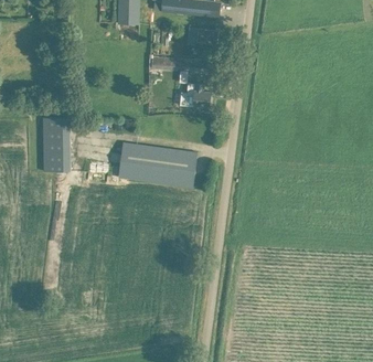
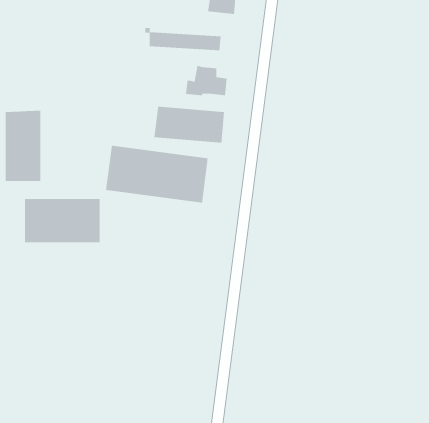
building: none -> [154,106,224,143]
building: none -> [24,198,100,243]

